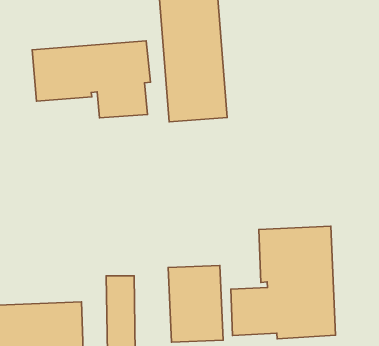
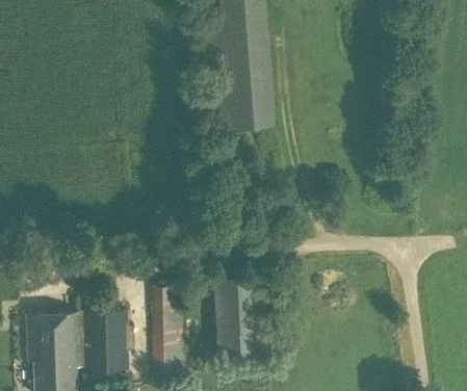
building: [32,41,151,118] -> none
building: [231,226,335,339] -> none

